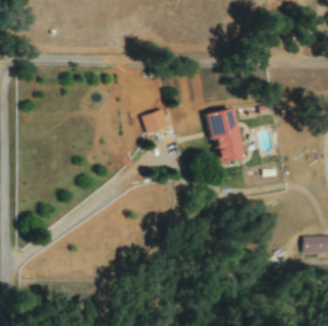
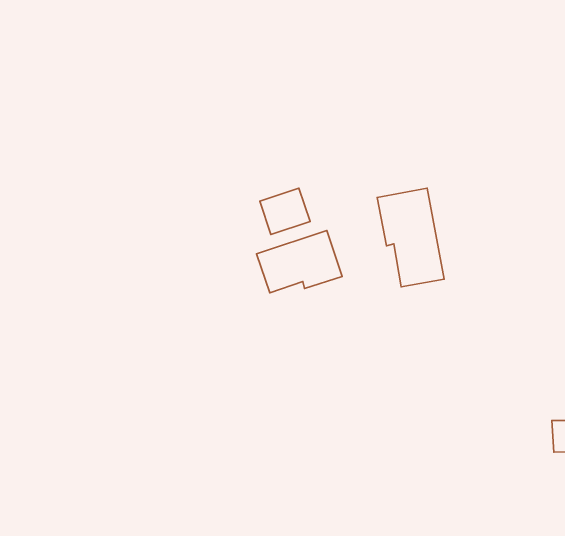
building: none -> [256,230,342,293]

